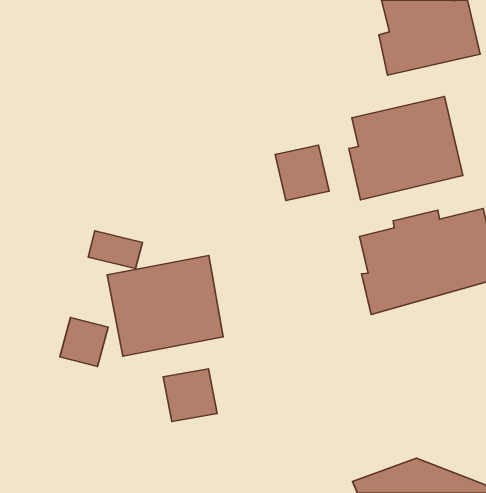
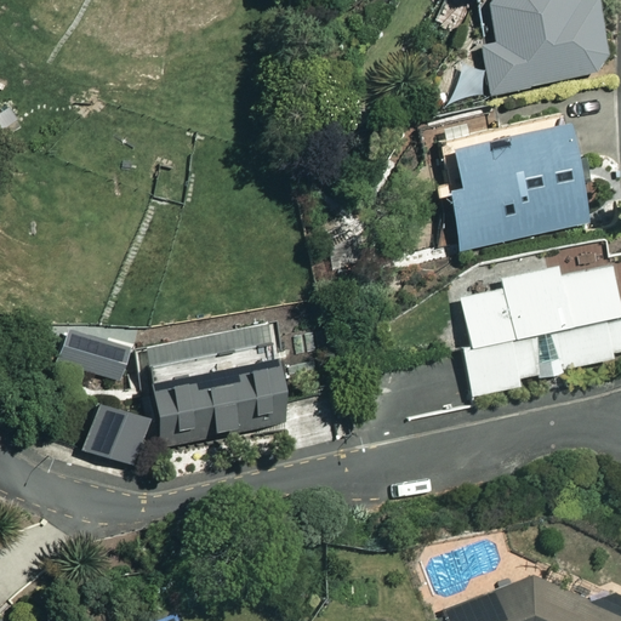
building: [275,145,329,201] -> none
building: [88,231,142,269] -> [65,330,133,377]
building: [163,369,217,422] -> none

